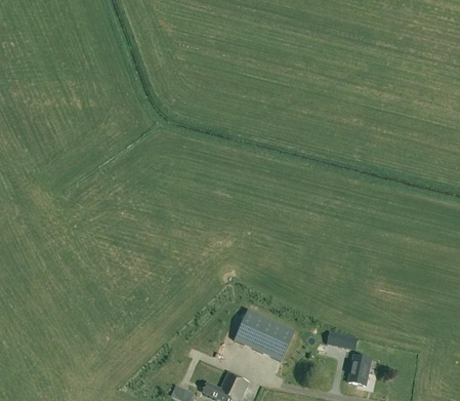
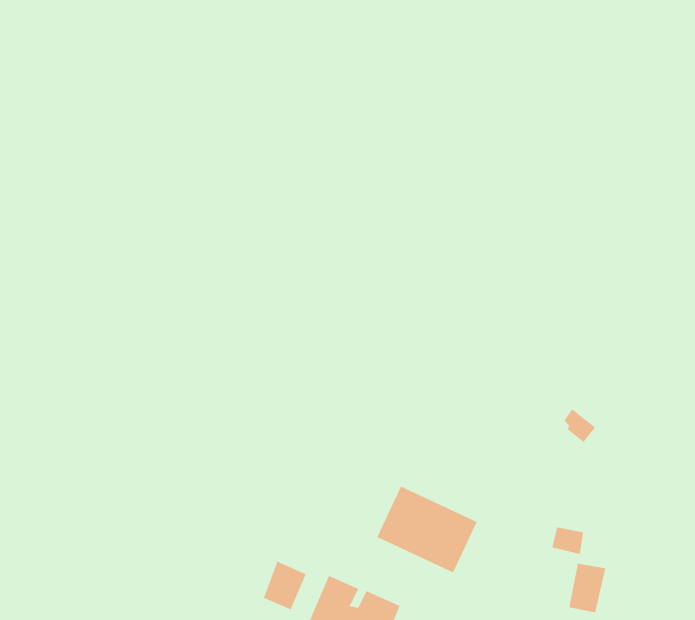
building: none -> [263,561,306,610]

